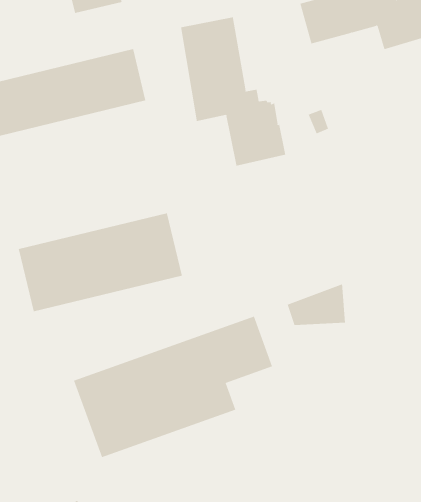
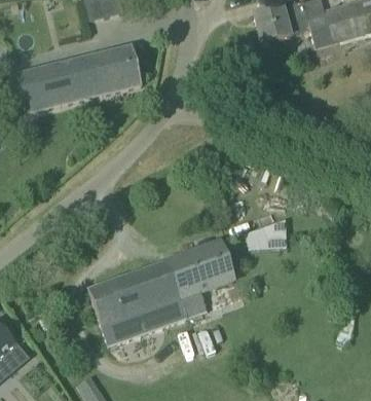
building: [181,17,286,166] -> none
building: [18,213,182,312] -> none

